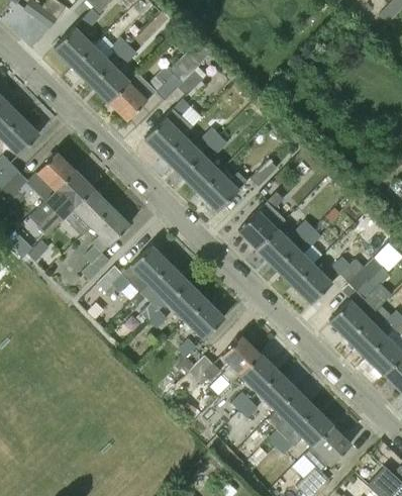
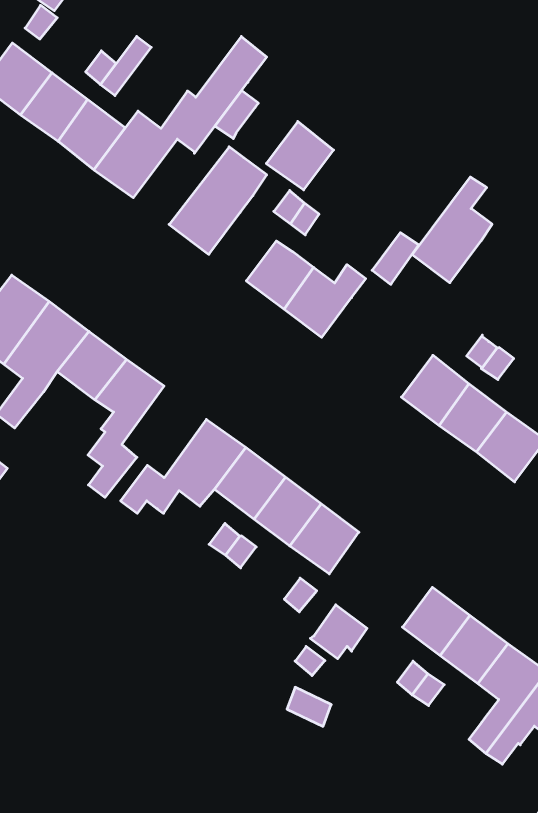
building: [165,136,202,174] -> [266,121,334,190]
building: [239,193,285,249] -> [412,177,492,283]
building: [222,335,260,381] -> none

